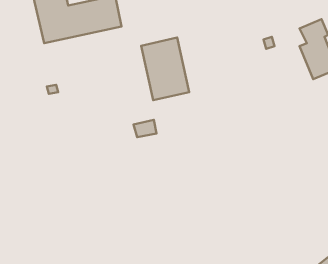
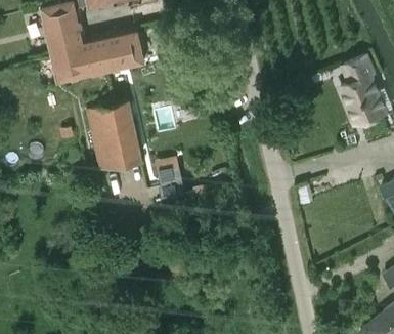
building: [141,38,189,100] -> [87,100,140,170]

